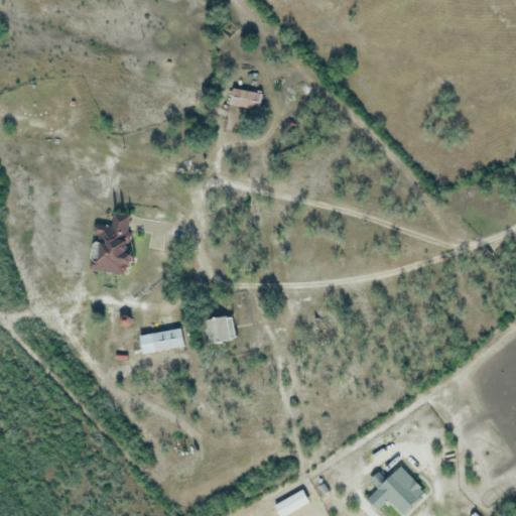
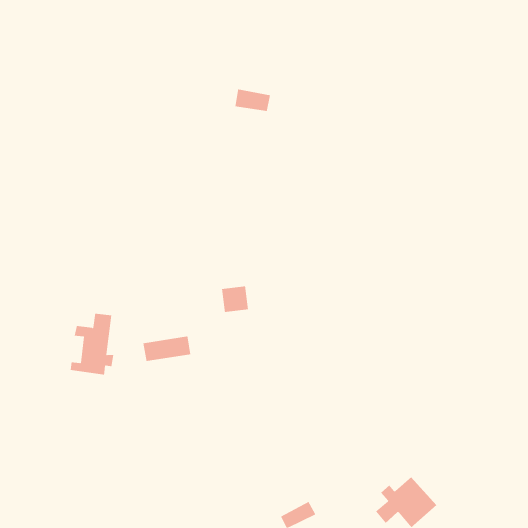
building: [92,214,135,274] -> [70,313,114,375]
building: [205,315,232,342] -> [221,286,249,313]

